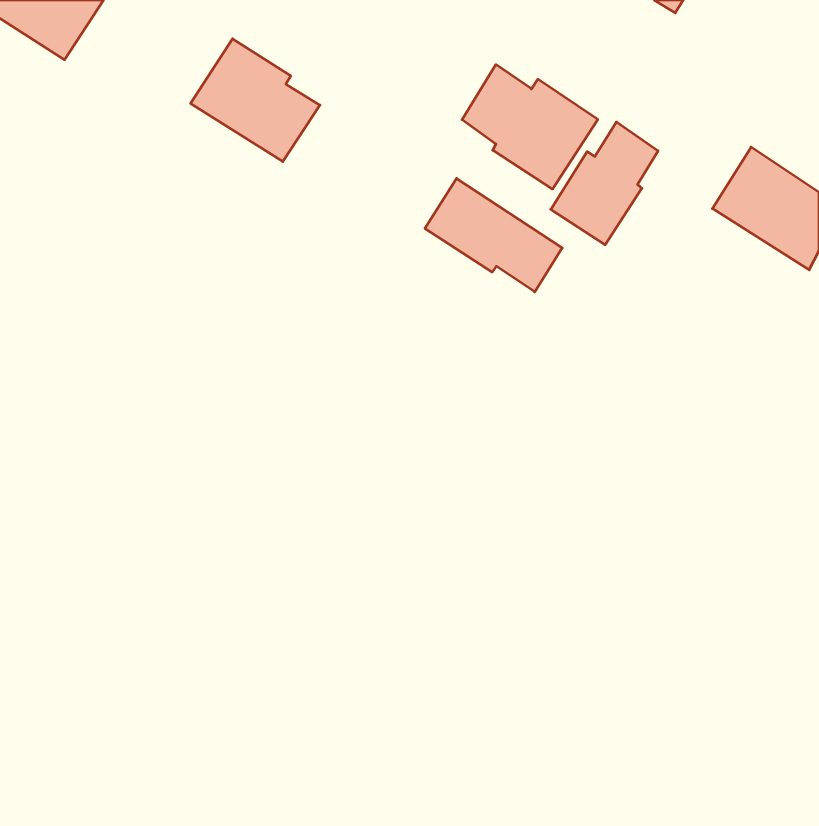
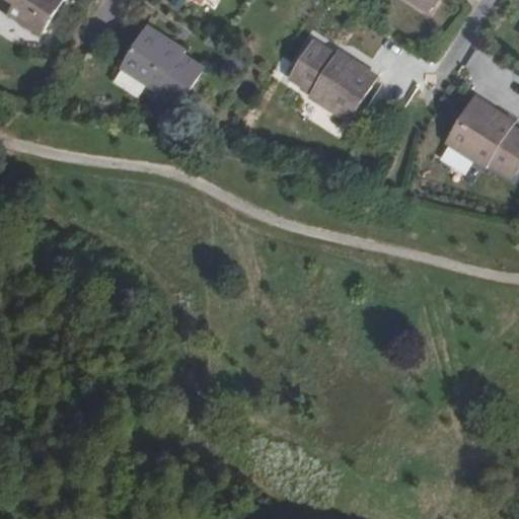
building: [551,122,658,245] -> none
building: [425,178,562,292] -> none

